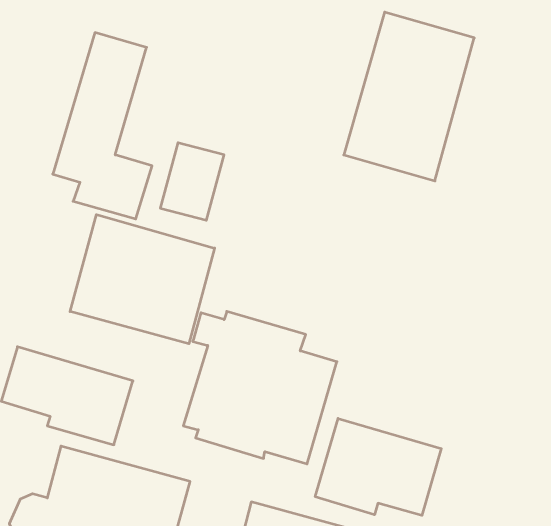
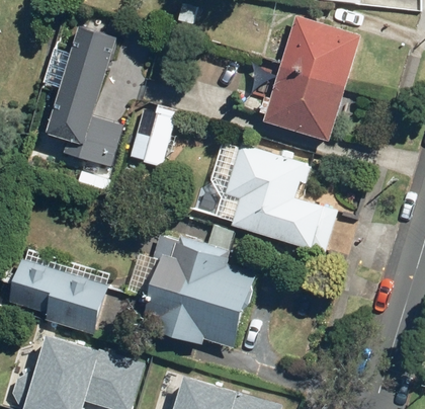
building: none -> [223,145,332,251]
building: [70,215,215,344] -> none
building: [315,418,441,515] -> none

